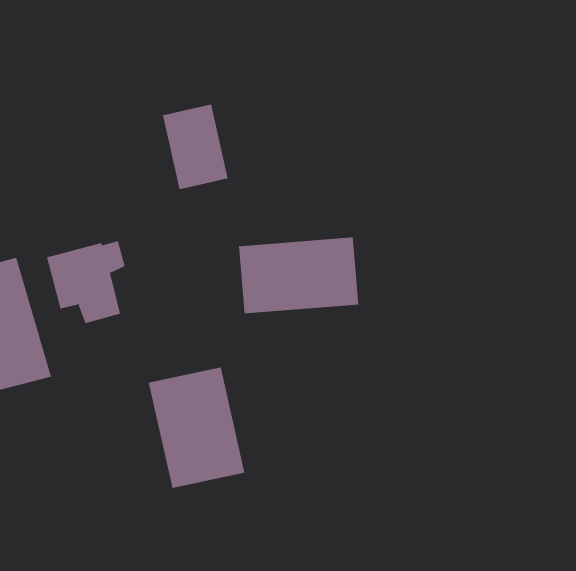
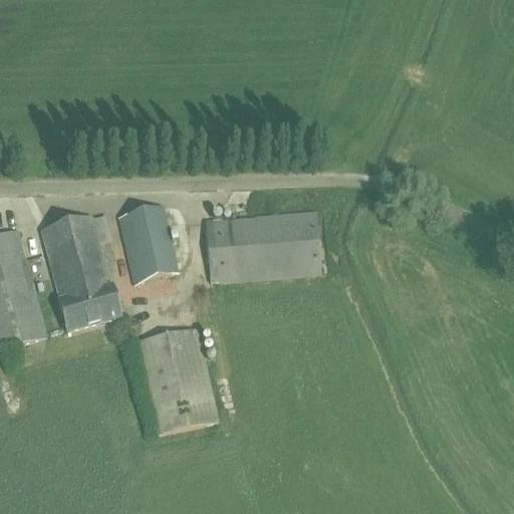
building: [162,104,229,190] -> [117,205,177,281]
building: none -> [53,271,119,330]

